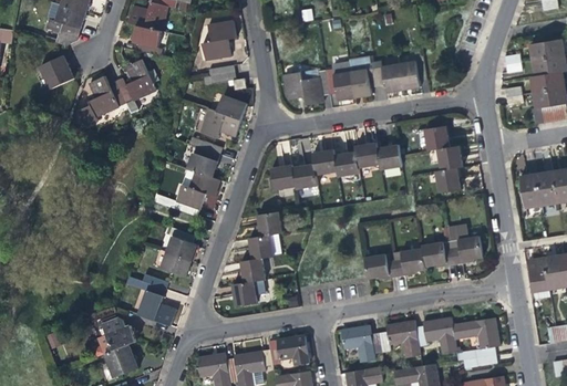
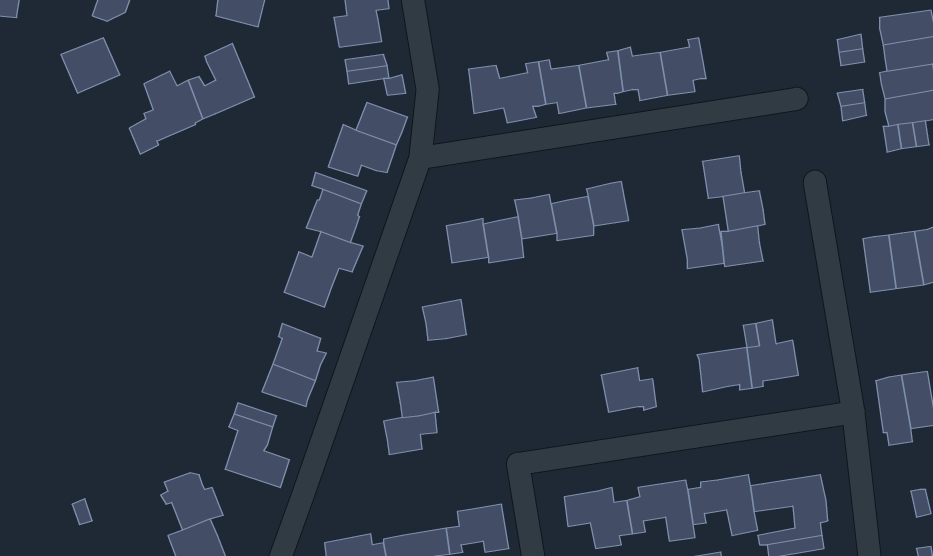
building: [377,144,402,170] -> [682,224,724,269]
building: [248,236,274,261] -> none
building: [394,248,425,277] -> none

